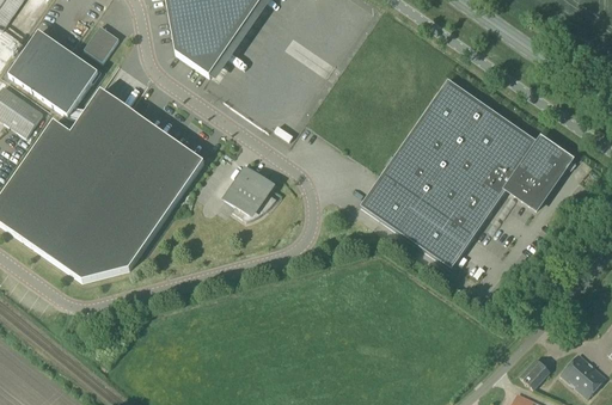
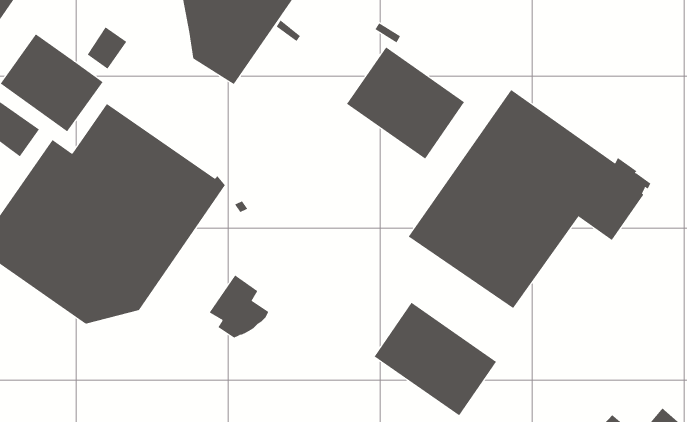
building: none -> [346,47,465,159]
building: [224,165,276,220] -> [208,274,269,338]
building: none -> [374,302,497,416]

